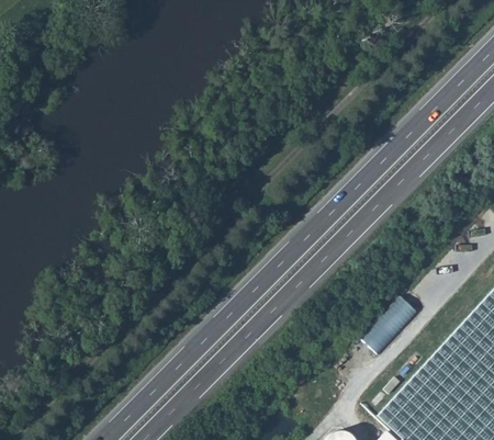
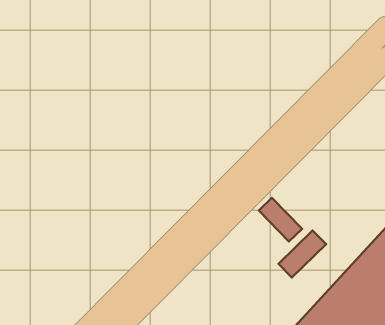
building: none -> [259,198,302,241]

